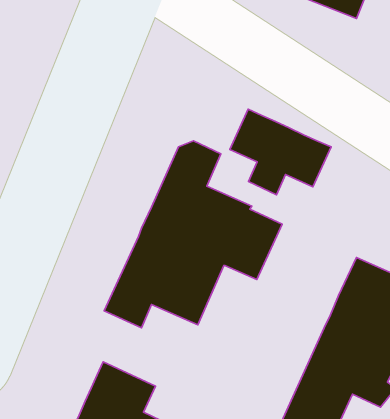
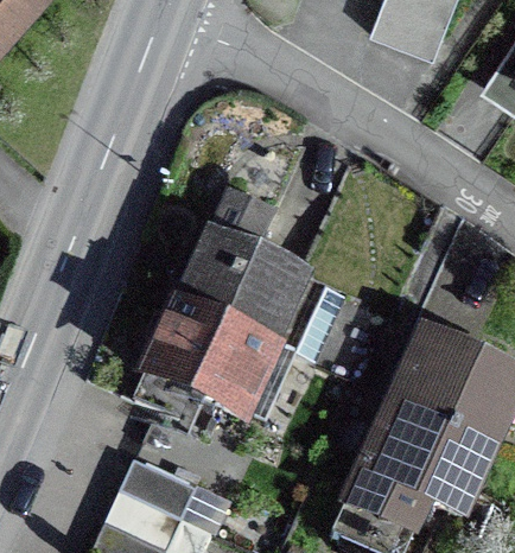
building: [230,109,331,195] -> none

